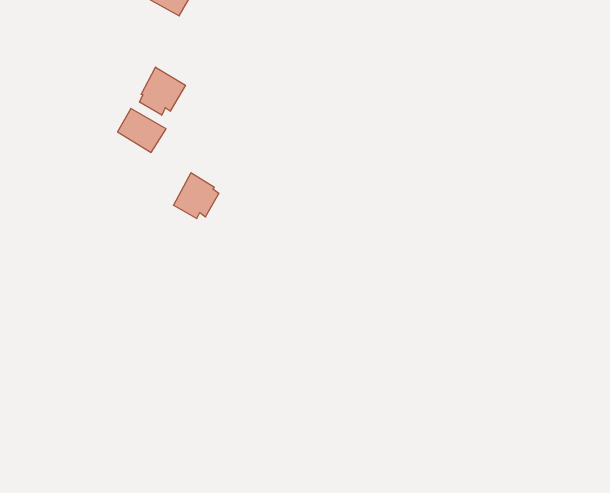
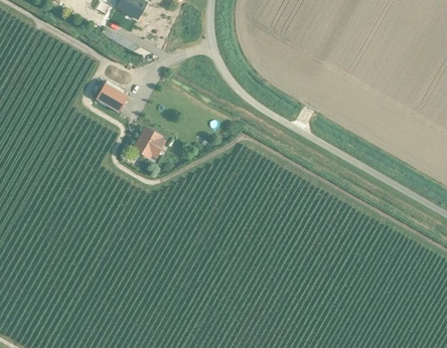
building: [140,67,185,115] -> none

